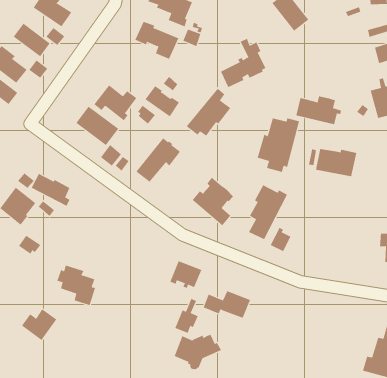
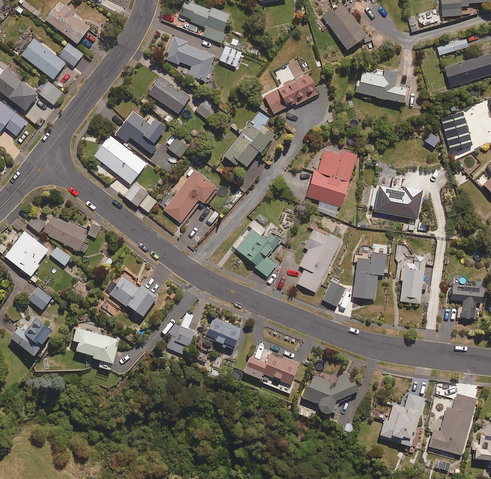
building: [145,85,180,117] -> [148,76,189,113]
building: [295,96,342,125] -> [354,69,408,103]
building: none -> [352,242,391,298]
building: none -> [398,254,427,301]
building: none -> [109,275,157,316]
building: [174,298,198,333] -> [167,311,195,352]
building: [21,308,57,341] -> [10,317,52,355]
building: none -> [380,392,426,445]
building: [174,334,222,370] -> [303,371,359,413]

